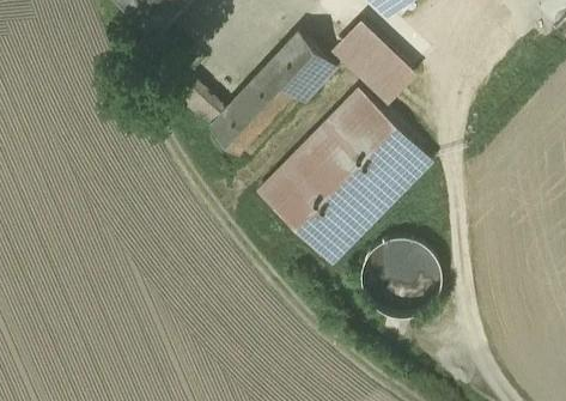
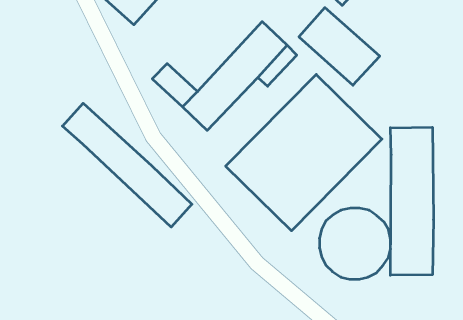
building: none -> [62,103,192,227]
building: none -> [390,127,433,275]

